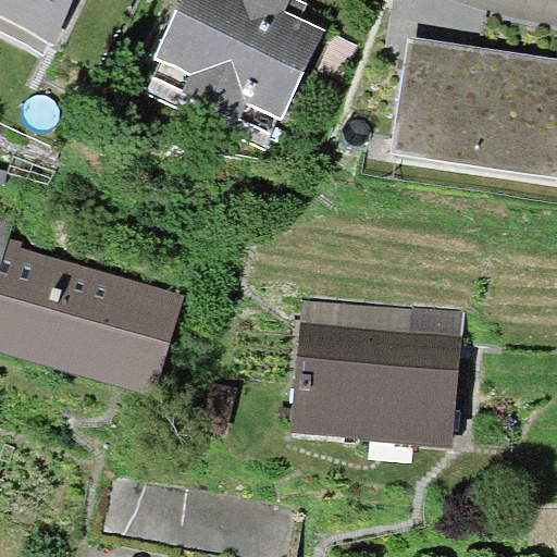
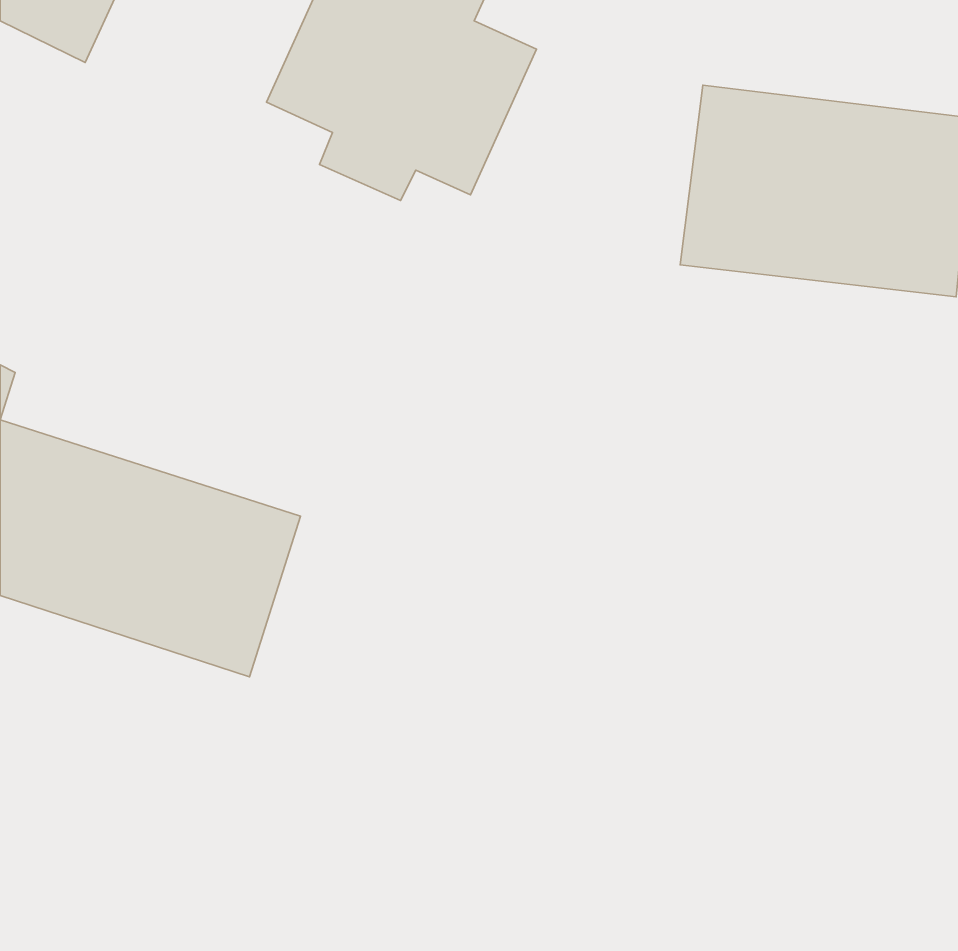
building: [294,330,457,441] -> none

